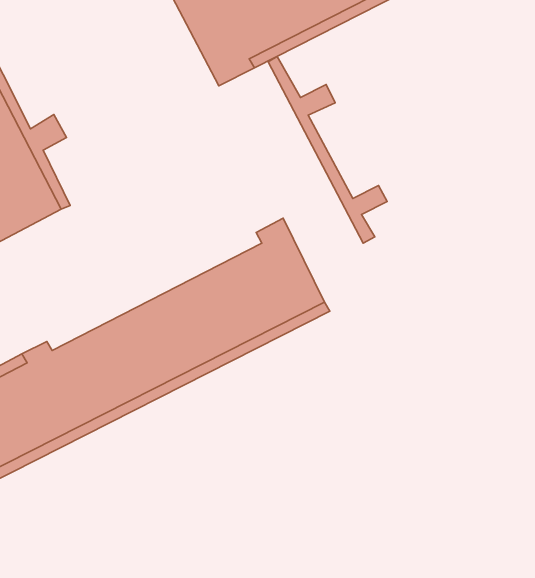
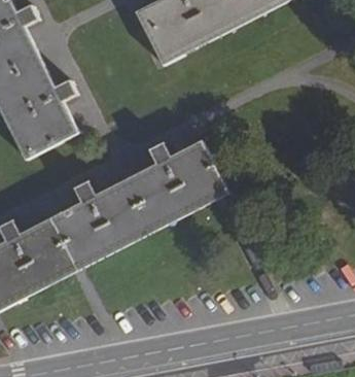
building: [268,56,387,243] -> none
building: none -> [64,141,187,215]

